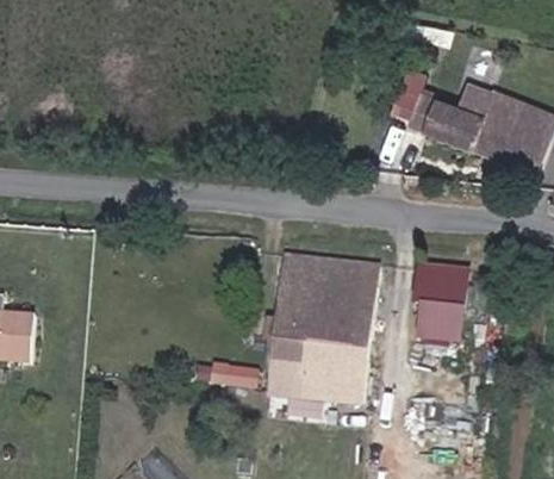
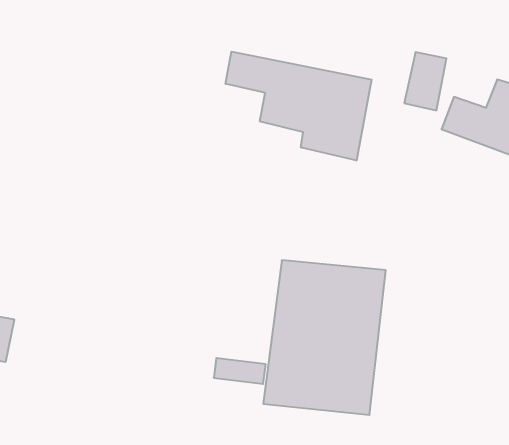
building: none -> [226,52,372,161]
building: [407,266,469,349] -> none

